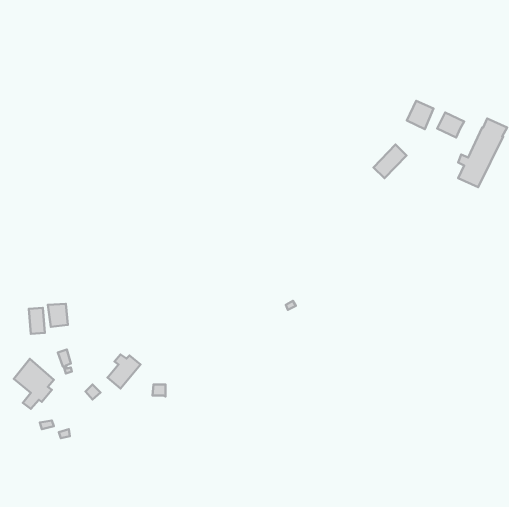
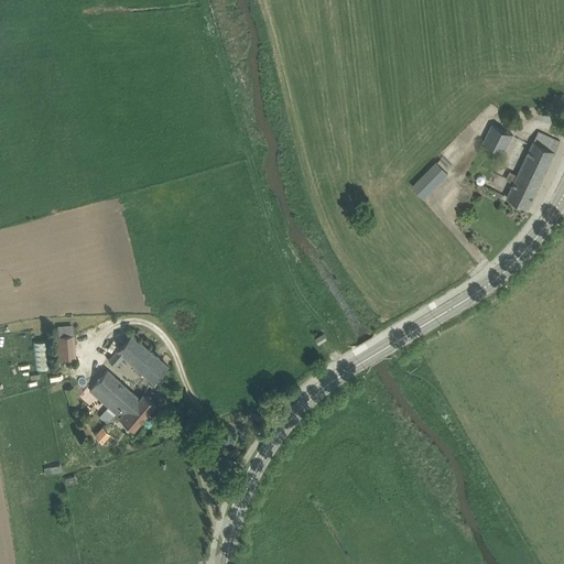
building: [407,101,433,129] -> none
building: none -> [109,336,167,383]
building: [14,359,54,409] -> [89,371,133,426]

